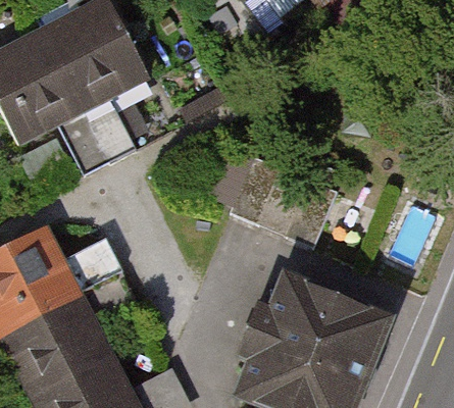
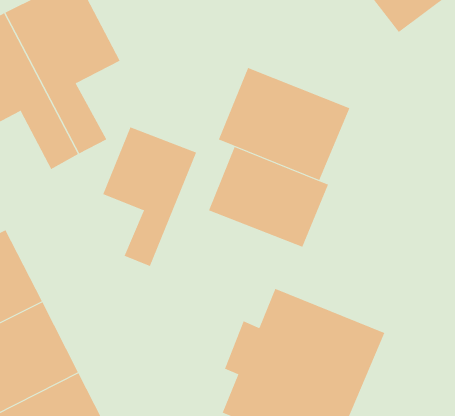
building: none -> [218,67,350,181]
building: none -> [102,126,197,267]

